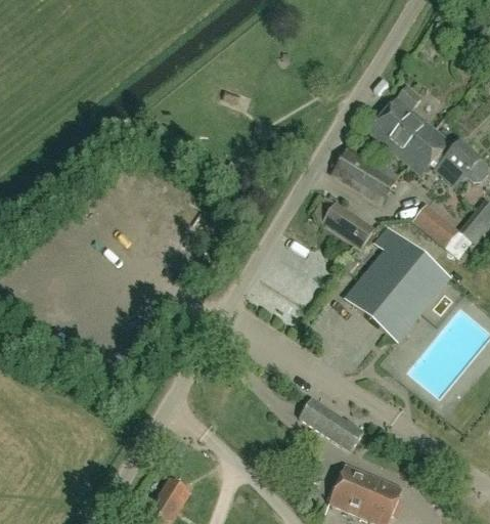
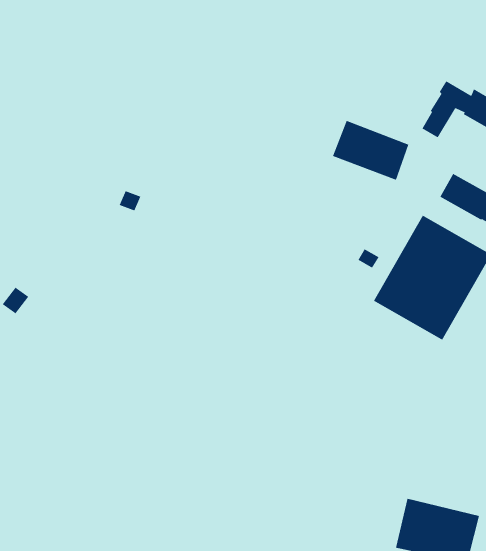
building: [369,85,436,164] -> none
building: [323,205,373,249] -> none
building: [299,398,363,448] -> none

